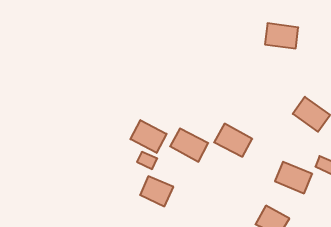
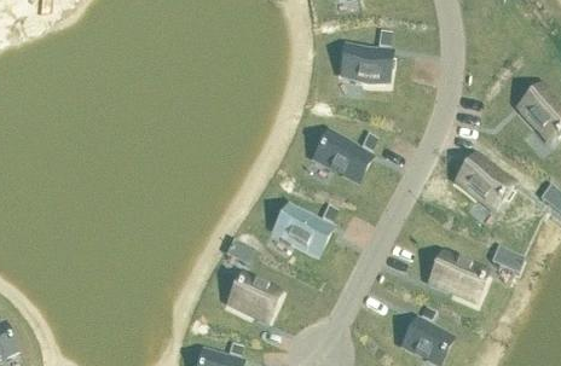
building: [265,23,298,48] -> [341,45,391,82]
building: [130,120,167,153] -> none
building: [214,124,252,157] -> [313,130,370,180]

